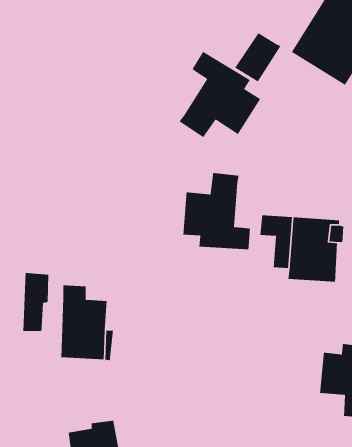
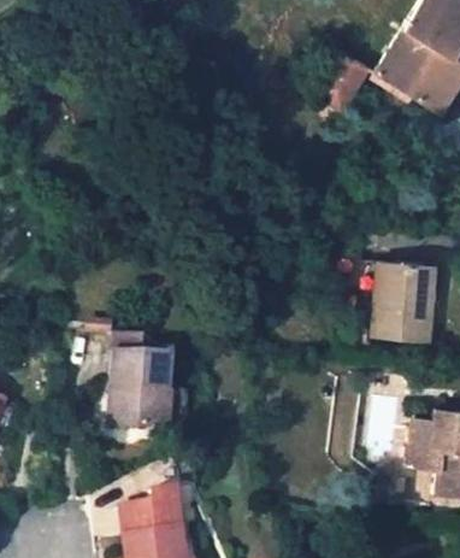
building: [179,51,261,138] -> none
building: [182,172,251,250] -> none
building: [22,272,49,332] -> none

